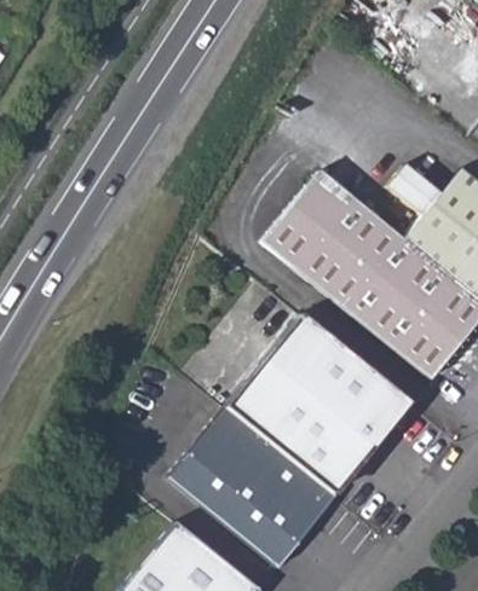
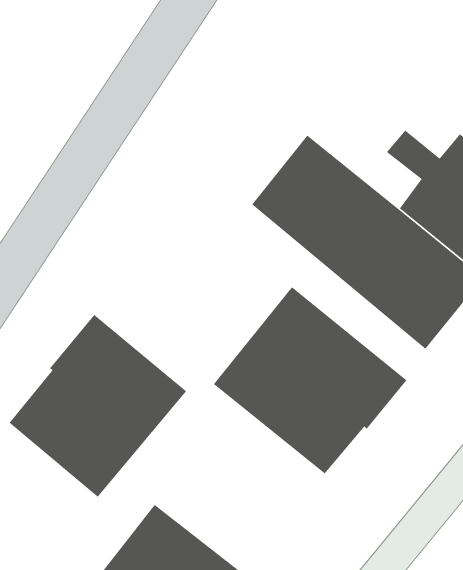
building: none -> [9,314,187,498]
building: [172,409,339,568] -> none

